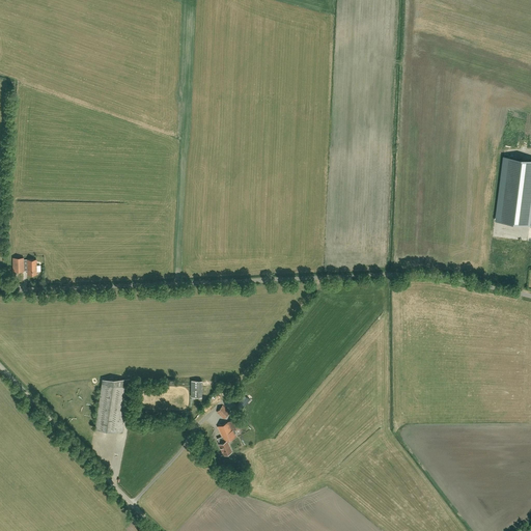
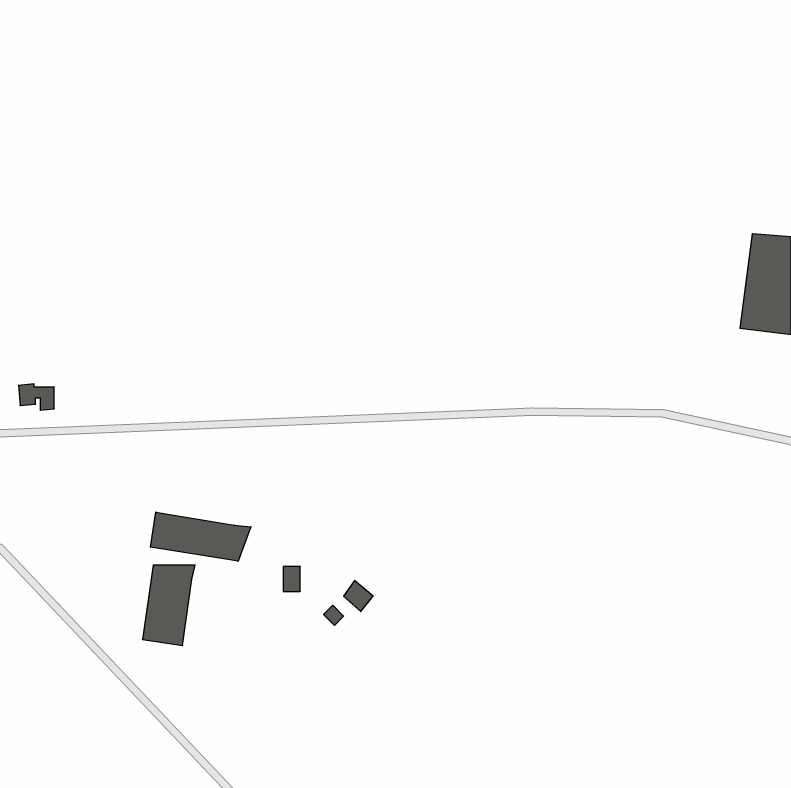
building: none -> [151,512,251,561]
building: [217,420,241,456] -> none

